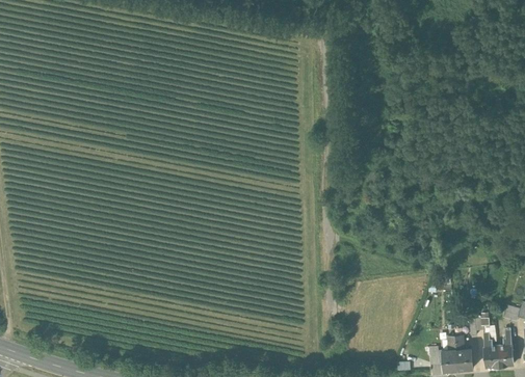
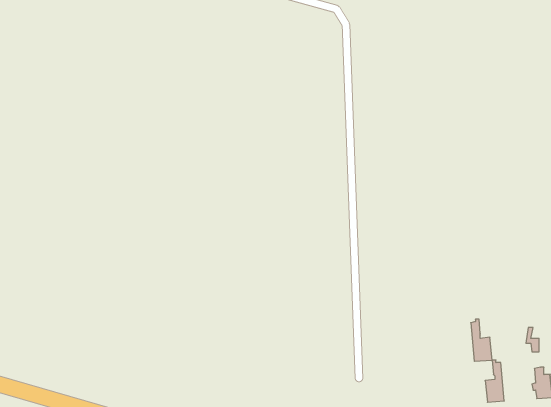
building: [455,334,474,371] -> [471,319,492,361]

